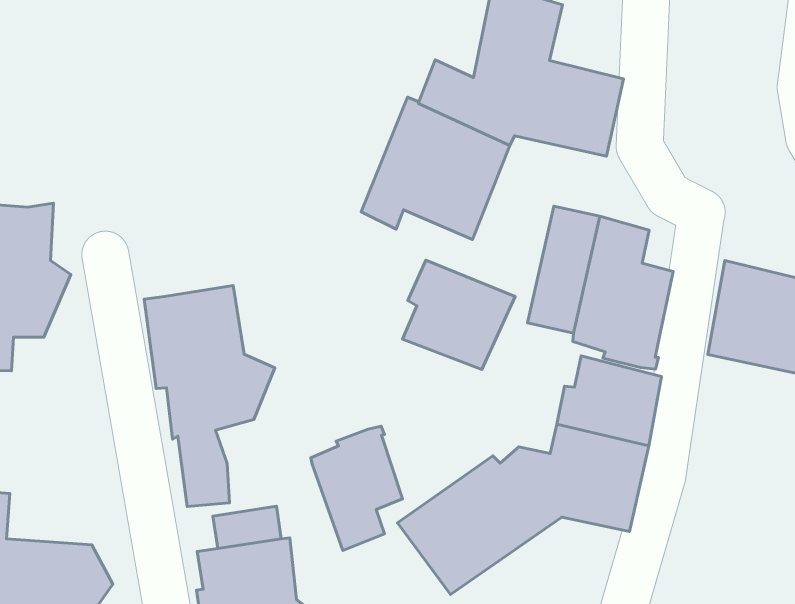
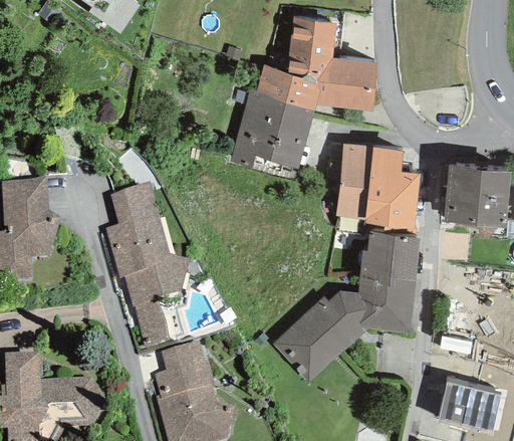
building: none -> [109,181,158,223]
building: [403,260,515,370] -> none
building: [311,426,403,551] -> none

